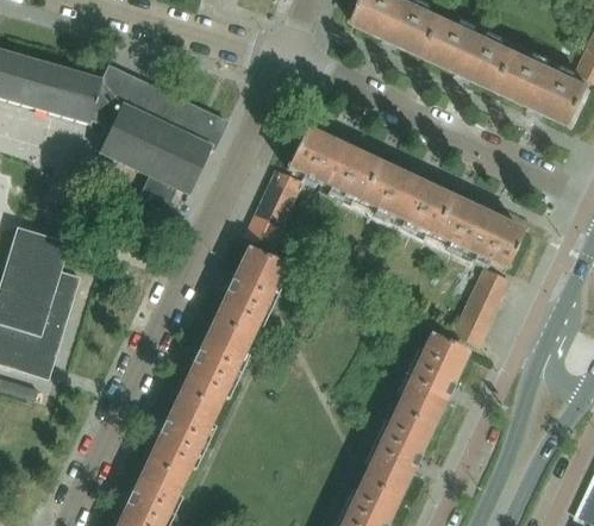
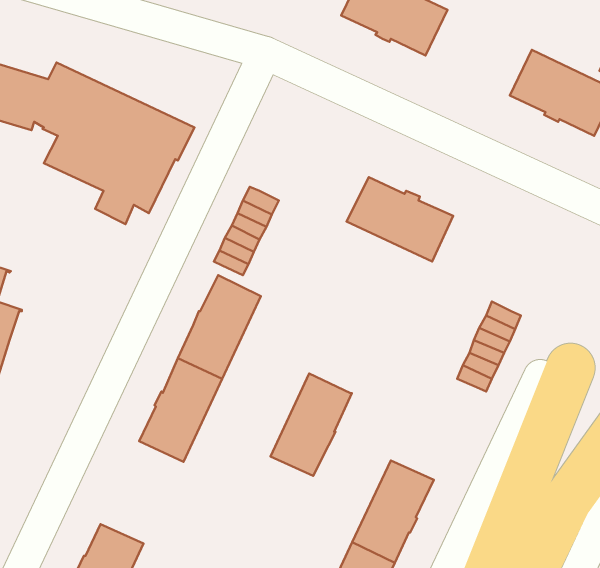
building: [427,18,519,92] -> none
building: [287,127,379,200] -> none
building: [433,195,524,269] -> none
building: [398,334,468,422] -> [270,374,352,476]
building: [148,389,219,477] -> none

